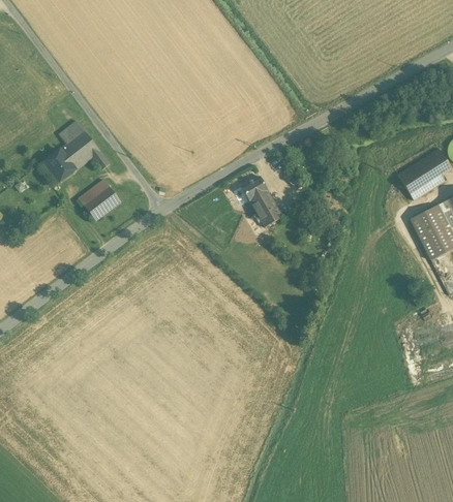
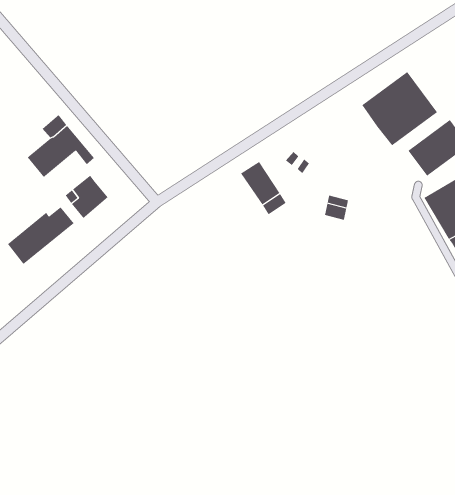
building: none -> [362,71,438,146]
building: none -> [7,206,74,265]

